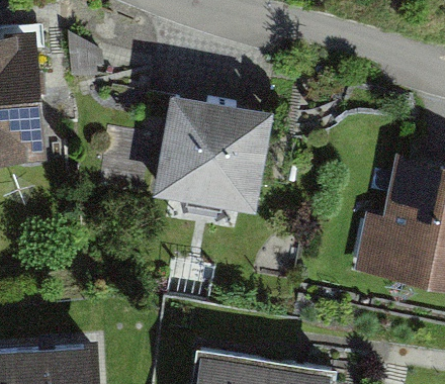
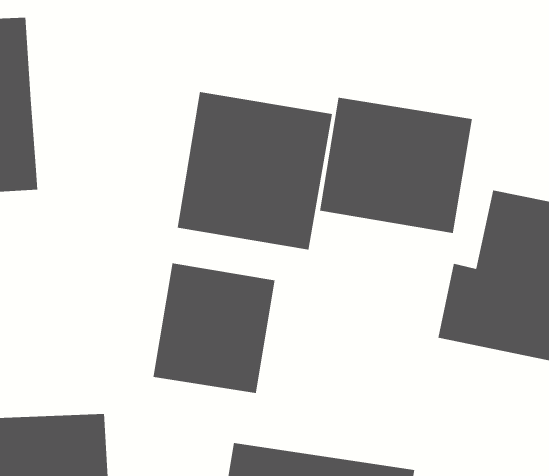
building: none -> [319,97,472,234]
building: none -> [153,262,275,394]

